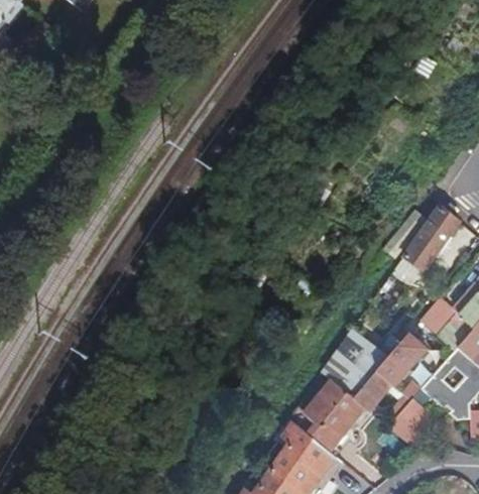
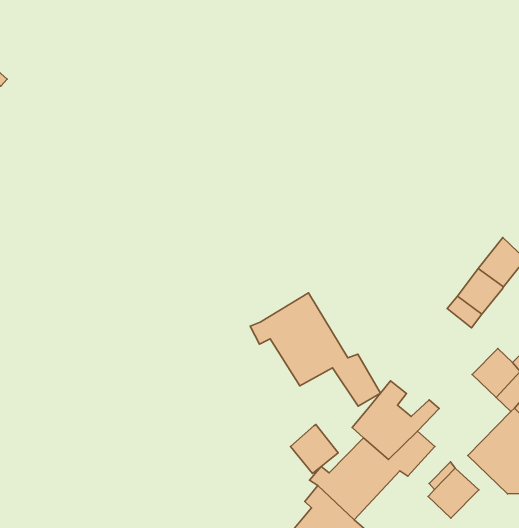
building: none -> [250,293,381,406]
building: [378,334,428,385] -> none
building: none -> [290,424,338,474]

